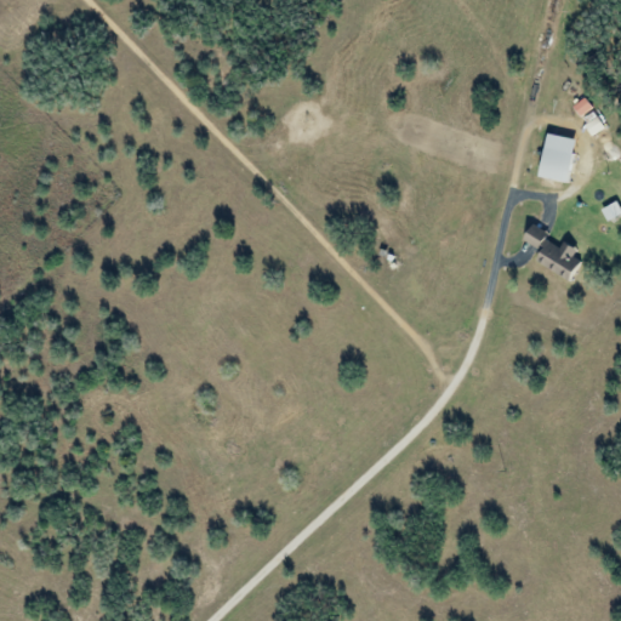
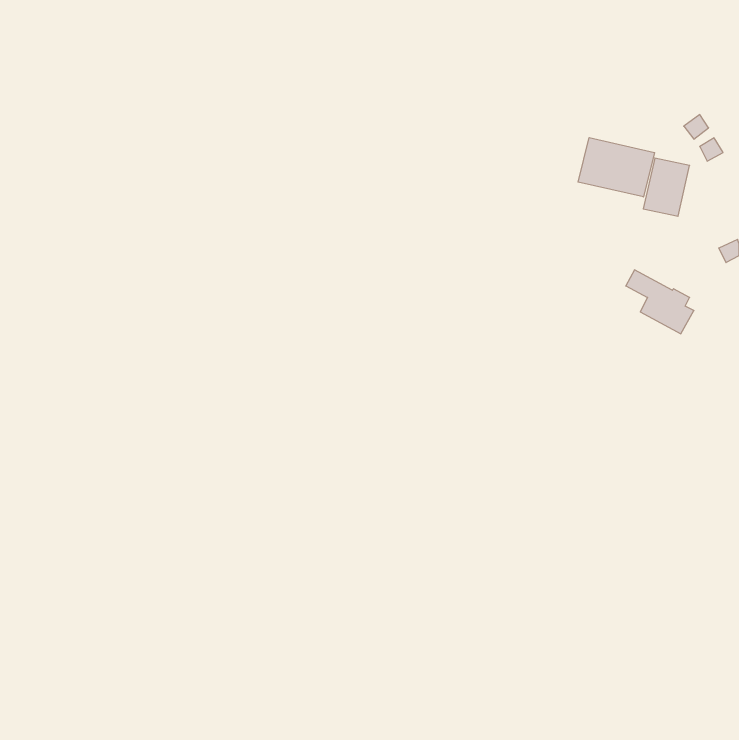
building: none -> [578,138,655,197]

